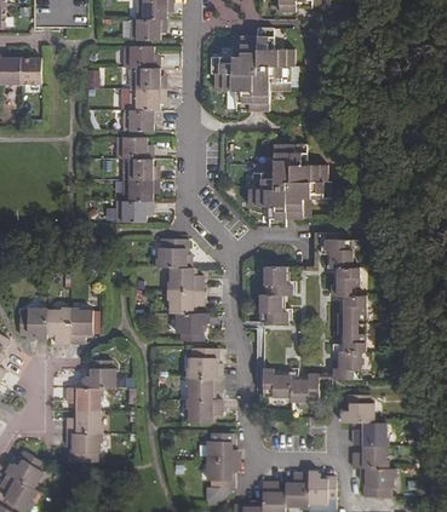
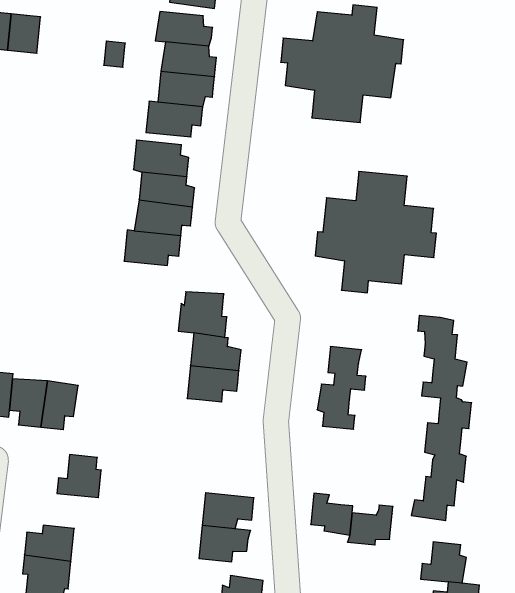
building: [174,312,206,340] -> none
building: [188,347,222,376] -> none
building: [67,387,99,410] -> none

